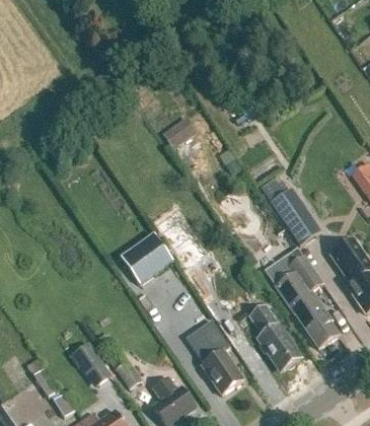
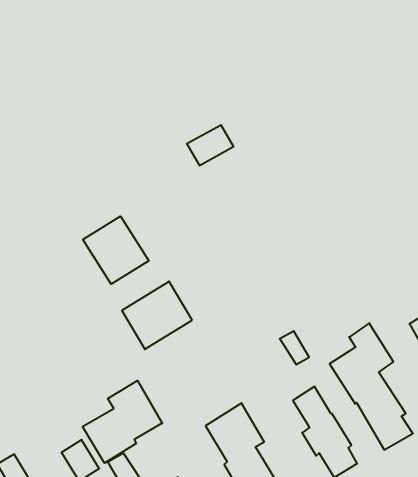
building: none -> [83,216,149,284]
building: [271,187,321,244] -> none
building: none -> [83,381,162,463]

